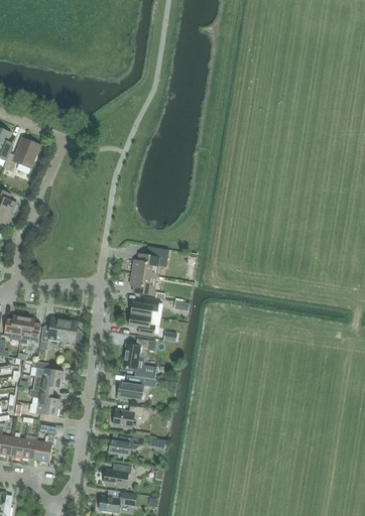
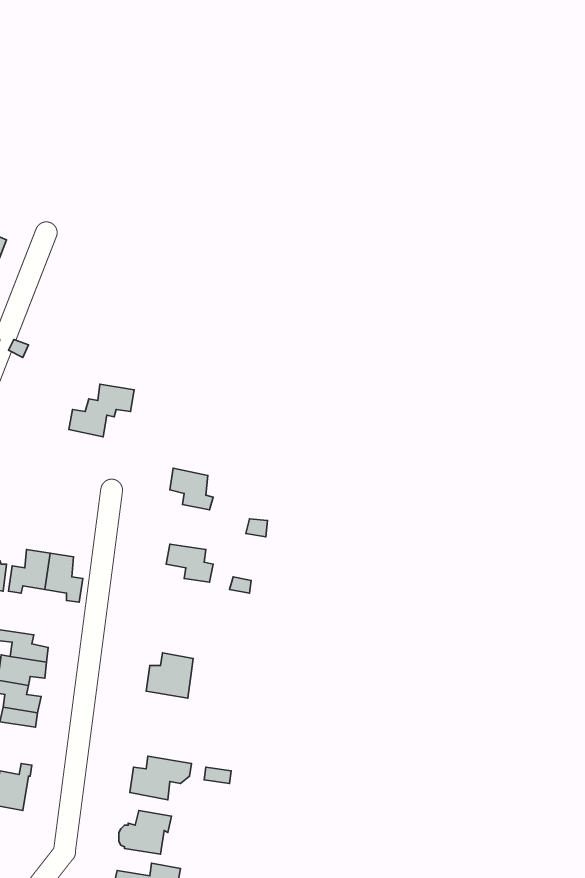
building: [132,247,168,276] -> [69,384,134,437]
building: [130,298,158,317] -> none
building: [122,339,155,379] -> none
building: [111,405,155,428] -> none

